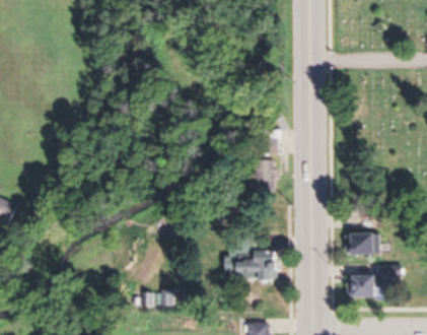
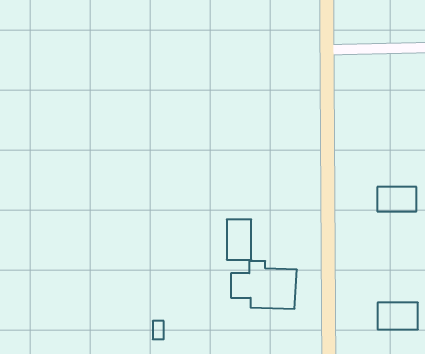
building: [254,159,274,193] -> [227,219,251,260]
building: [346,233,378,254] -> [377,187,416,211]

